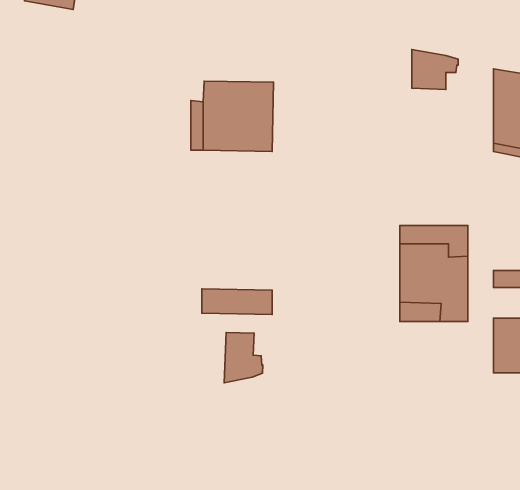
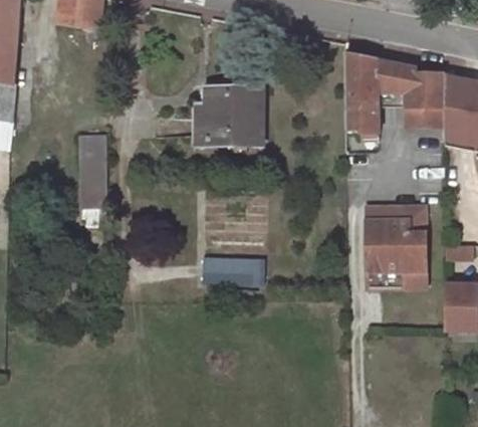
building: none -> [345,52,379,134]
building: none -> [407,72,446,127]
building: none -> [81,135,107,206]
building: [224,333,263,383] -> none

